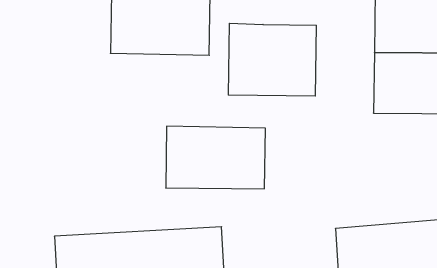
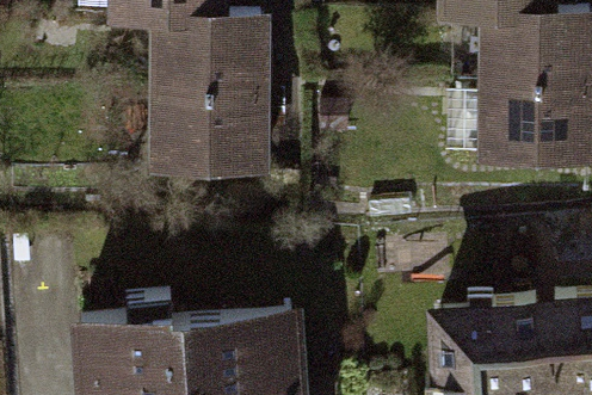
building: [228,23,316,96] -> none
building: [166,126,265,189] -> [147,93,272,172]

